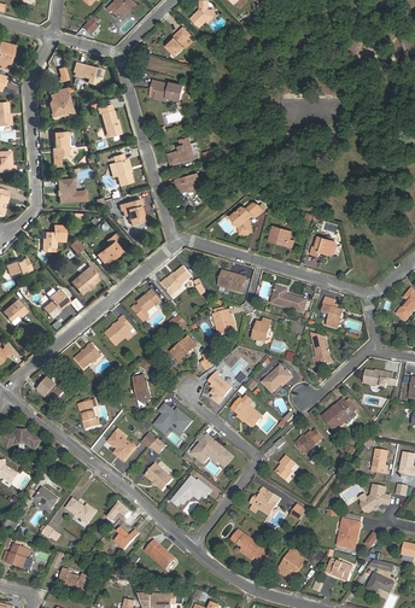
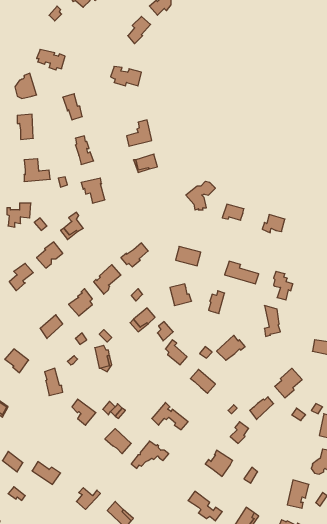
building: [154,405,192,433] -> none

